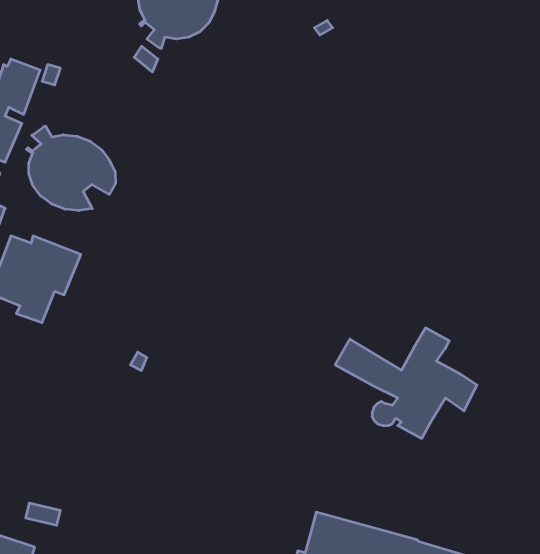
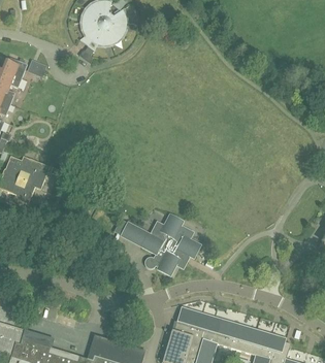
building: [26,126,115,211] -> none
building: [335,328,477,438] -> [120,211,199,273]

